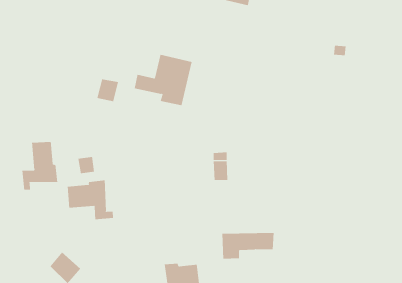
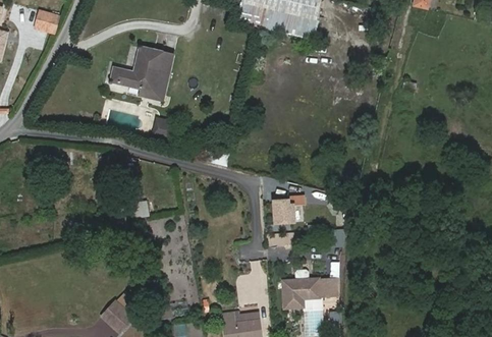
building: [134,54,193,106] -> [112,46,174,101]
building: [22,141,58,190] -> none
building: [67,180,114,220] -> none

